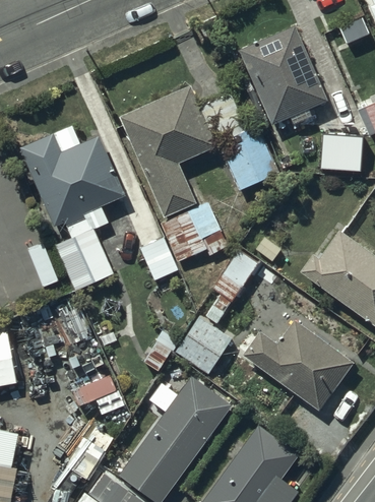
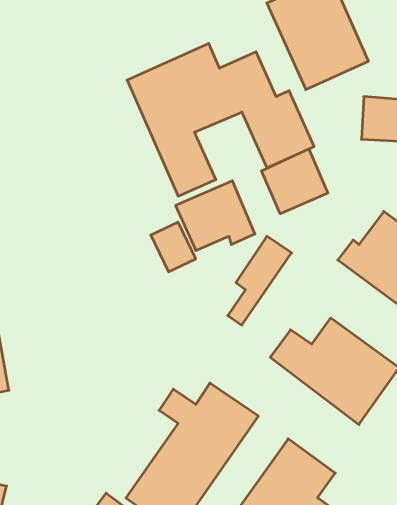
building: [19,125,126,292] -> none
building: none -> [261,149,328,214]
building: [175,317,232,375] -> none

